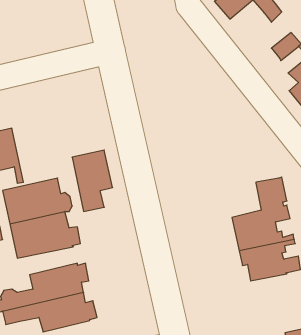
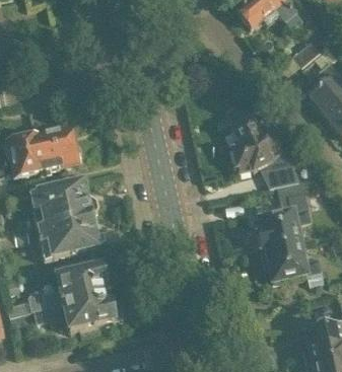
building: none -> [232,118,299,187]
building: [72,150,113,211] -> [39,125,78,184]

